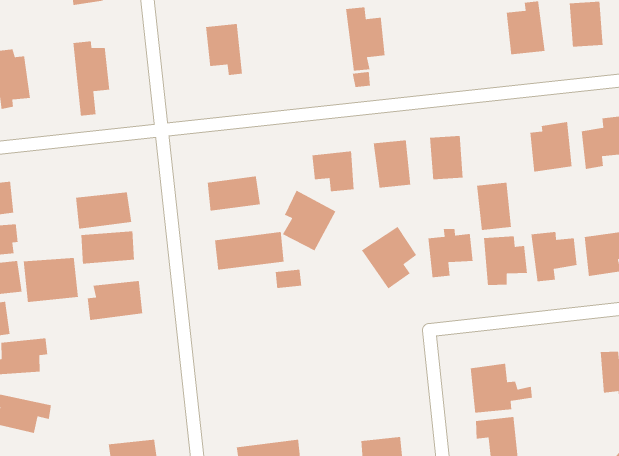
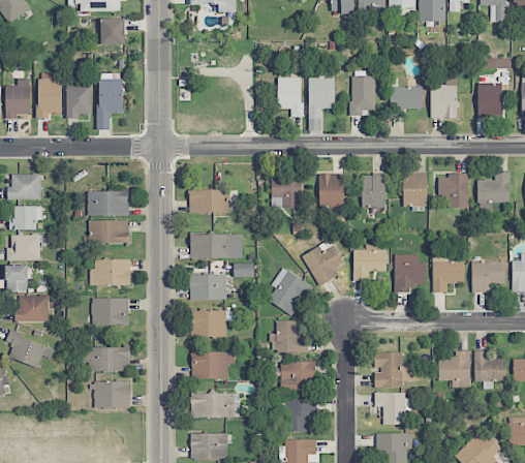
building: none -> [350,76,375,114]
building: none -> [390,86,423,109]
building: [205,23,243,76] -> [277,78,302,117]
building: none -> [66,80,92,119]
building: [476,182,512,231] -> [403,172,427,207]
building: [282,190,337,251] -> [268,267,311,315]
building: [23,257,79,303] -> none
building: none -> [189,274,226,300]
building: none -> [91,298,129,325]
building: none -> [191,310,231,337]
building: none -> [272,320,307,352]
building: none -> [438,350,470,388]
building: none -> [190,351,234,379]
building: none -> [280,361,313,393]
building: none -> [83,347,130,372]

